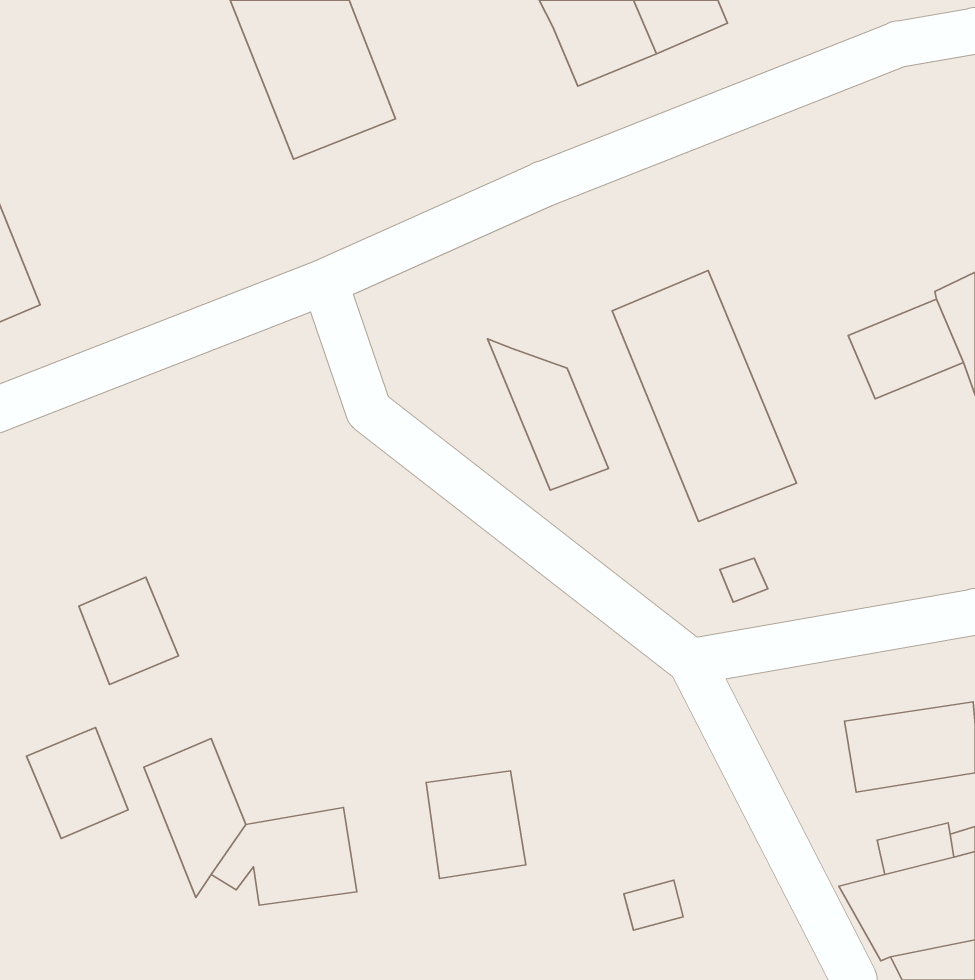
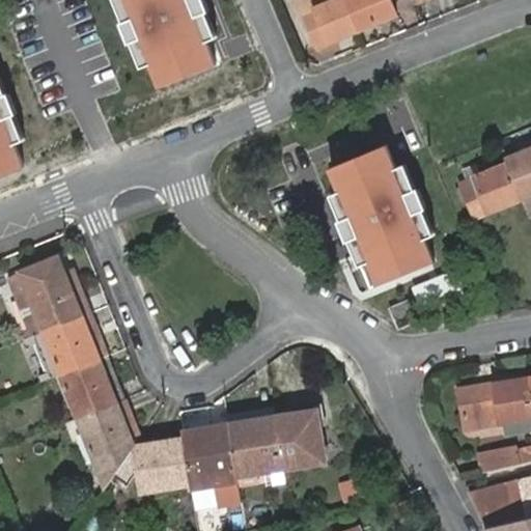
building: [487,339,609,490] -> none
building: none -> [12,255,79,333]
building: [27,727,128,839] -> [59,355,114,415]
building: none -> [276,411,323,468]
building: none -> [185,423,242,503]

